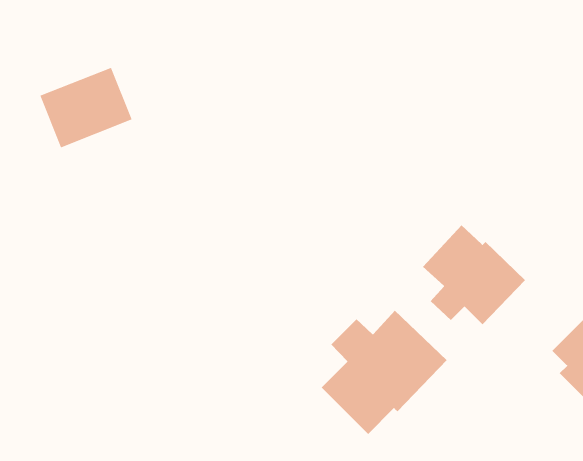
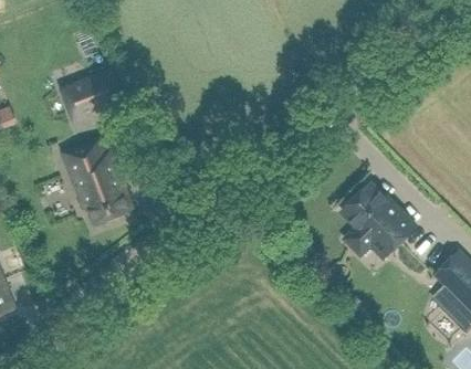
building: none -> [60,138,136,226]
building: [321,310,448,435] -> none

